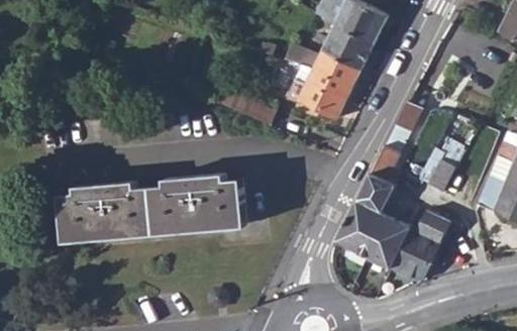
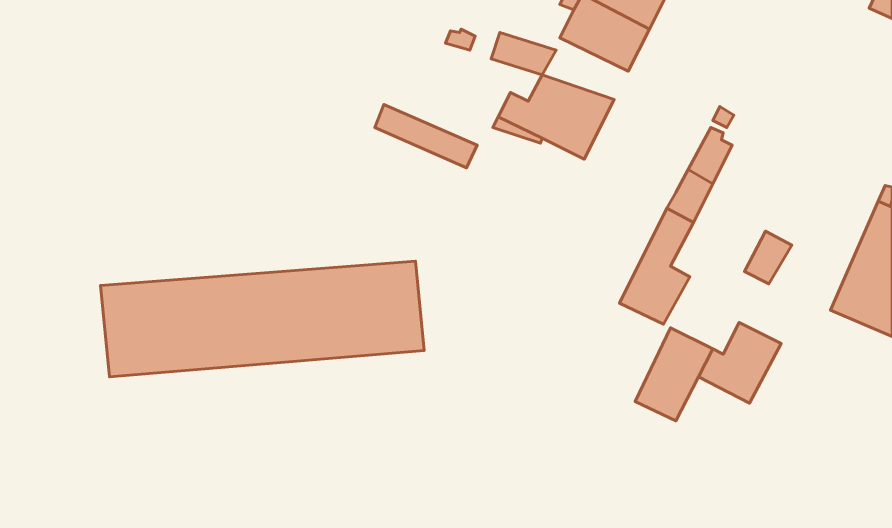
building: [312,47,361,83] -> none
building: [336,200,386,256] -> none
building: [389,242,431,281] -> none

